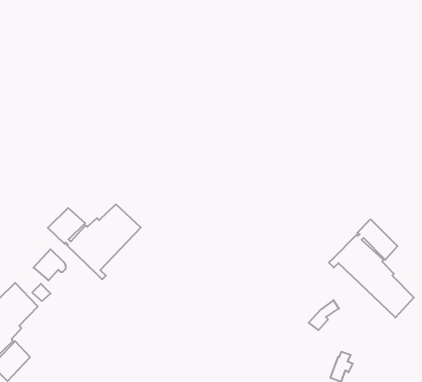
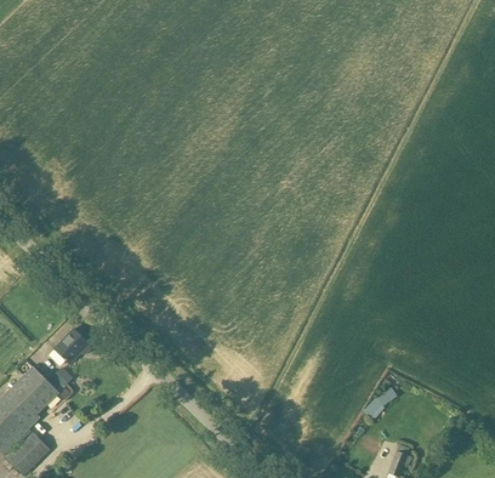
building: [48,204,141,279] -> none
building: [329,219,414,318] -> none

